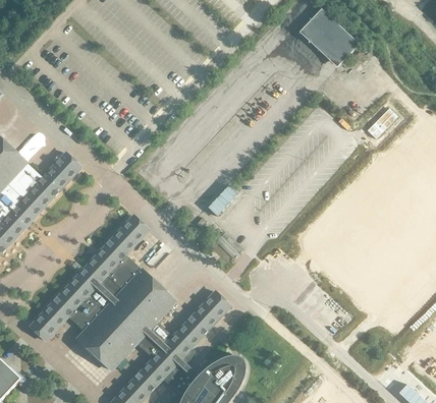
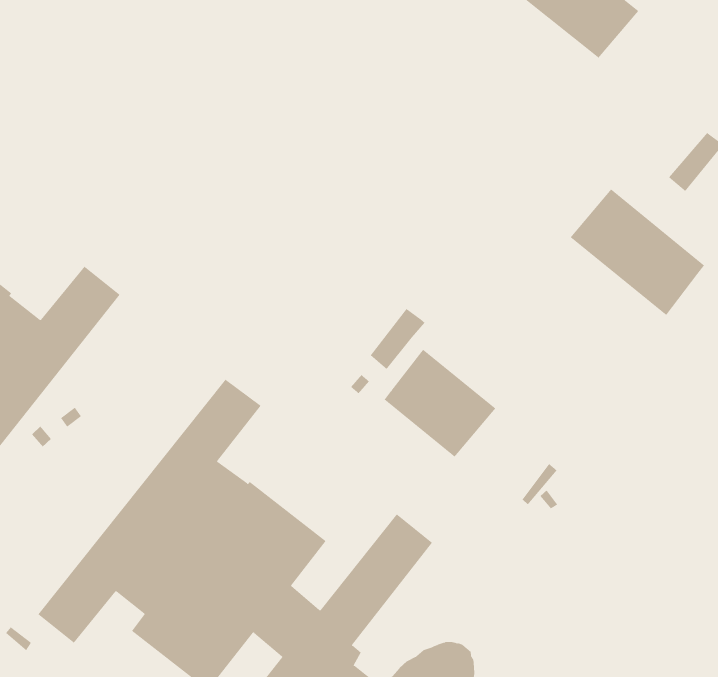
building: none -> [570,189,705,316]
building: none -> [384,349,496,458]

